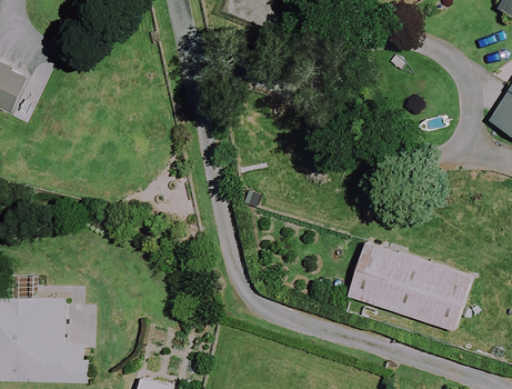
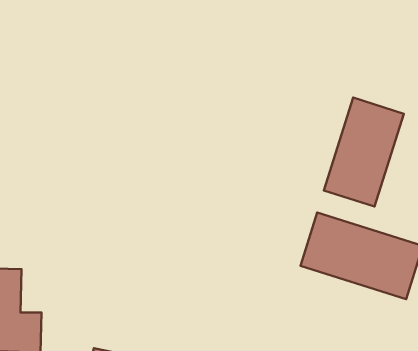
building: none -> [324,98,404,207]

